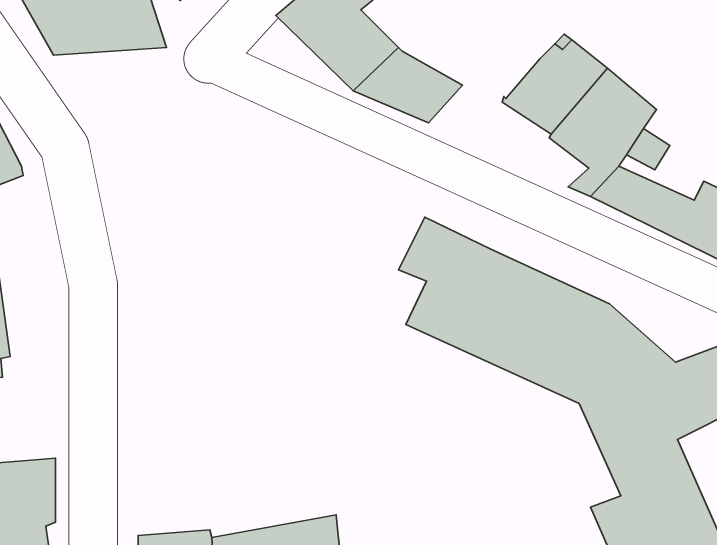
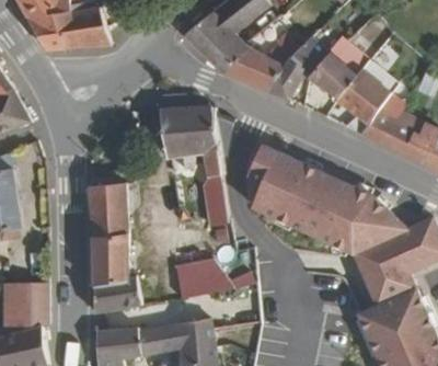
building: none -> [264,37,328,100]
building: none -> [159,106,227,226]
building: none -> [89,183,140,312]
building: none -> [175,259,254,297]

